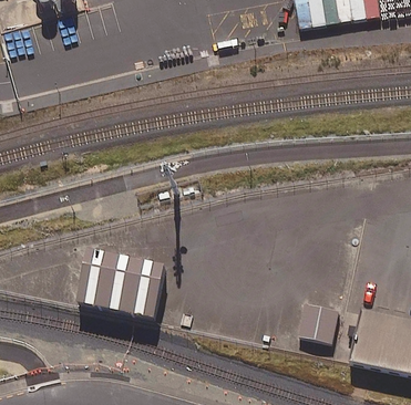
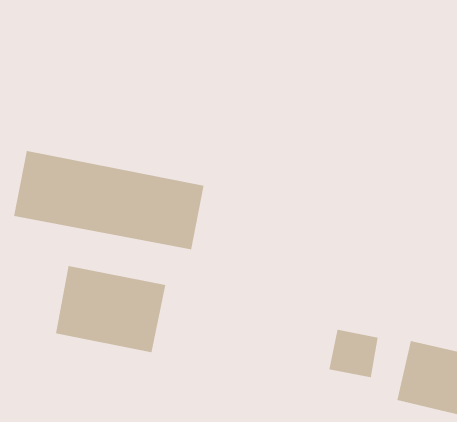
building: none -> [13,150,204,250]

